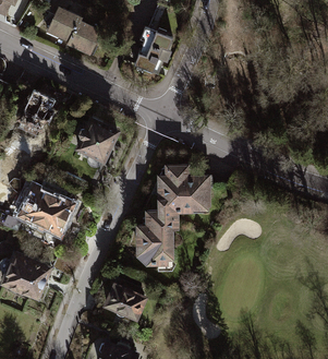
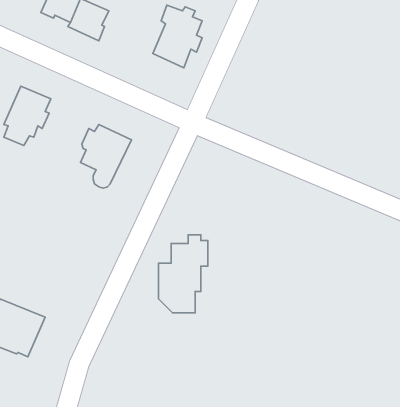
building: [154,166,207,212] -> none
building: [21,186,73,231] -> none
building: [106,282,143,318] -> none

